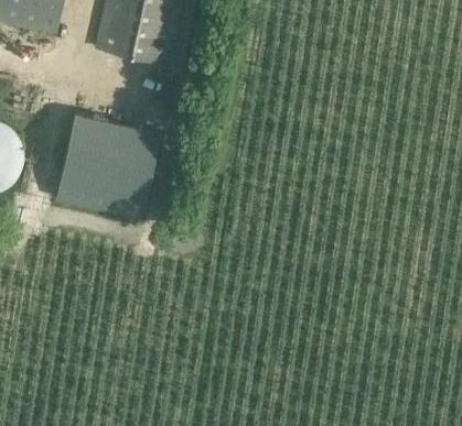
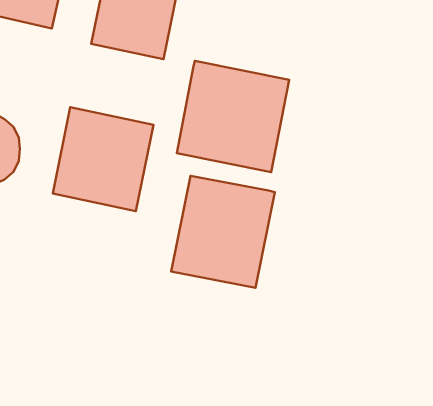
building: none -> [177,61,289,172]
building: none -> [171,176,275,288]

